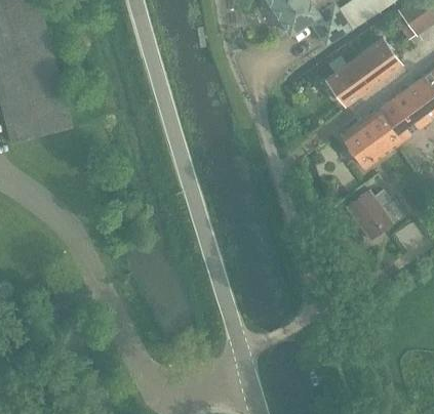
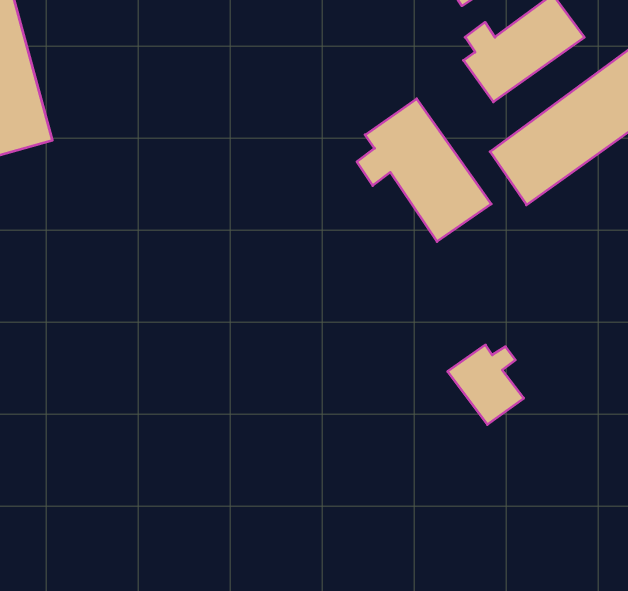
building: none -> [357,99,491,242]
building: [347,190,394,239] -> [448,345,524,425]

